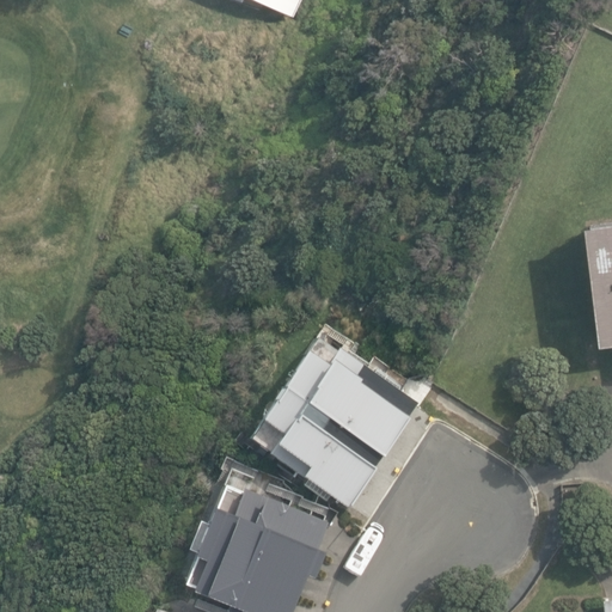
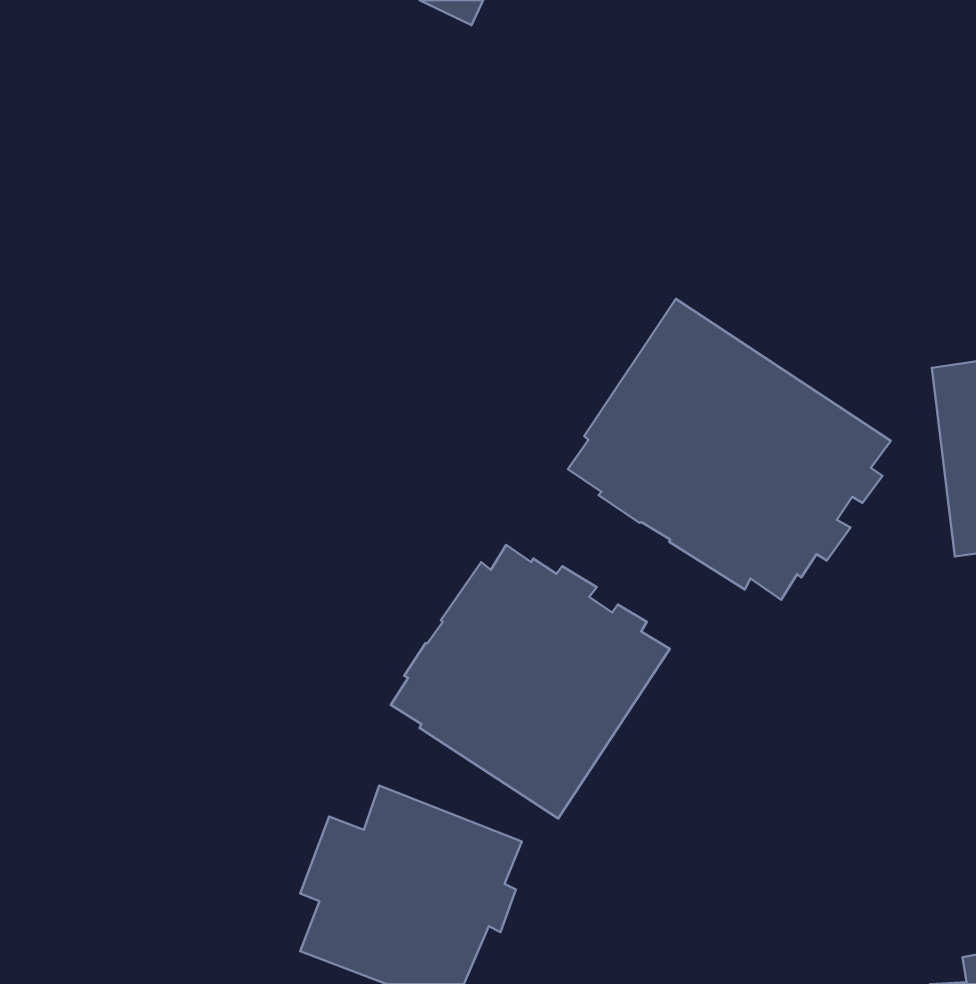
building: none -> [568,299,891,600]

